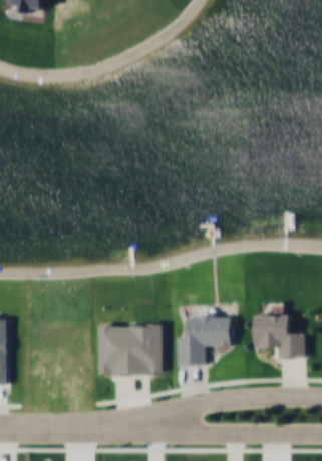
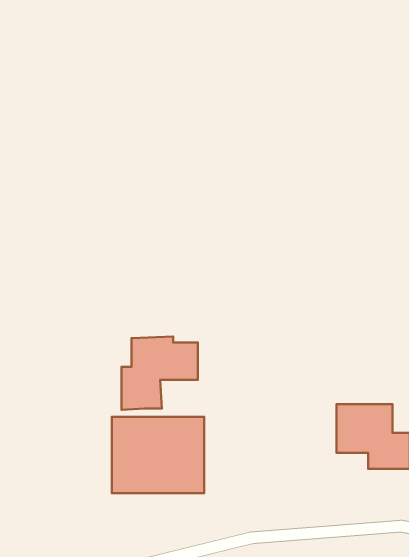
building: [177,321,230,372] -> [121,337,198,410]

